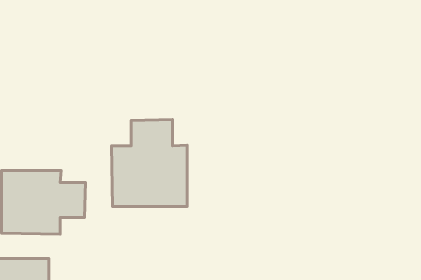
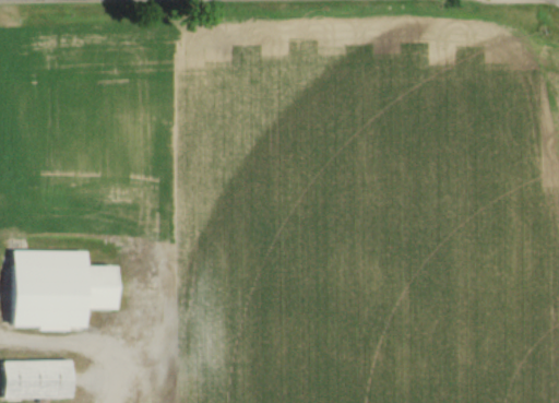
building: [111,120,187,207] -> none

